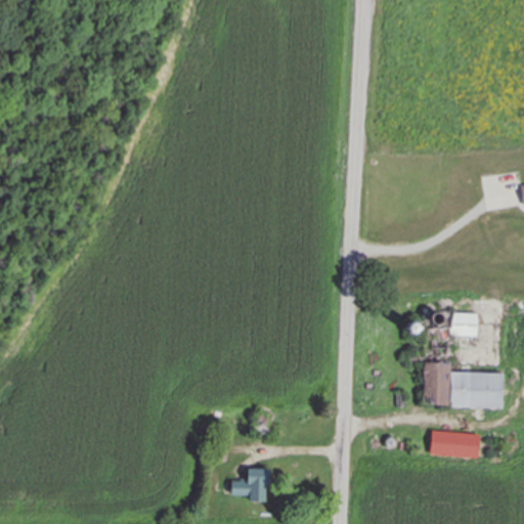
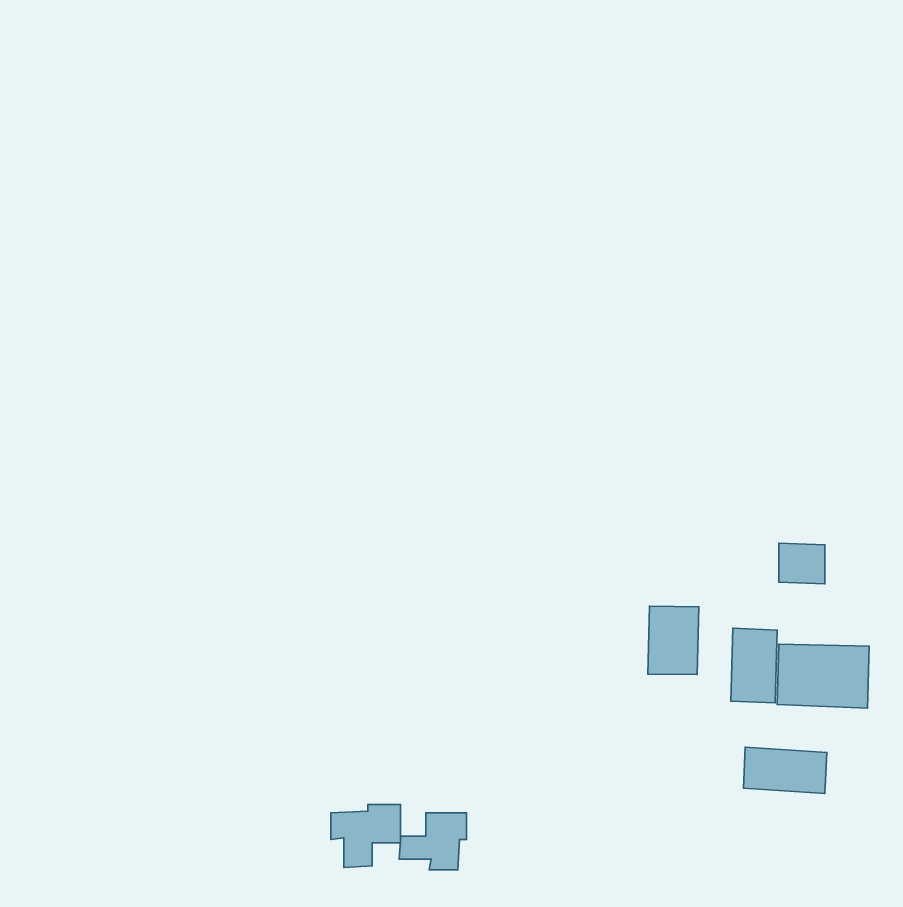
building: none -> [648,606,699,675]
building: none -> [331,805,400,868]

